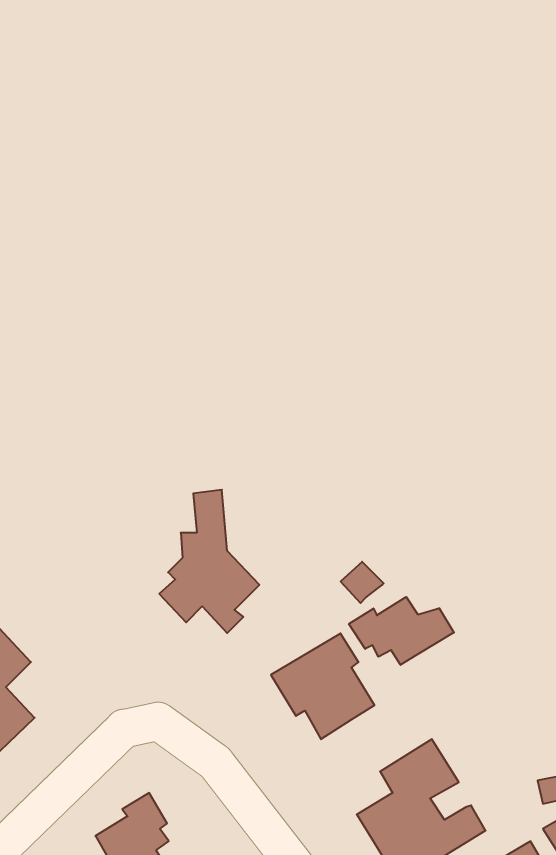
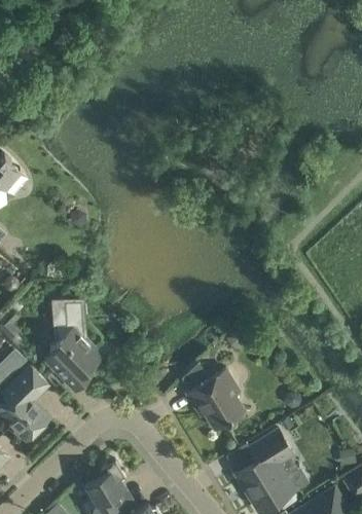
building: [159,490,259,633] -> [44,301,102,383]
building: [349,597,454,665] -> none

